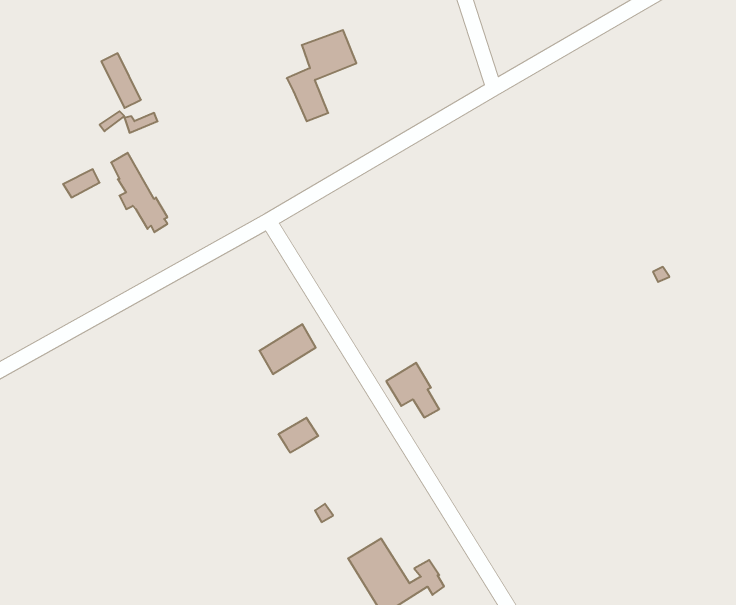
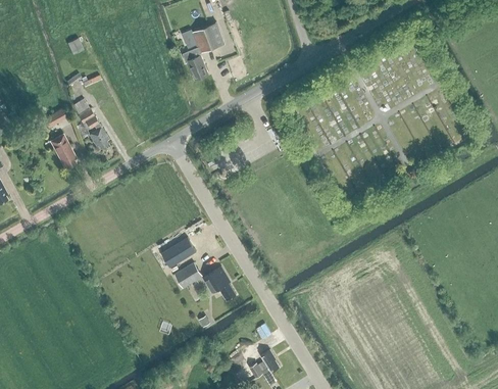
building: none -> [49,134,76,167]
building: [259,324,316,374] -> [161,237,196,268]
building: [386,363,439,417] -> [203,266,236,300]

